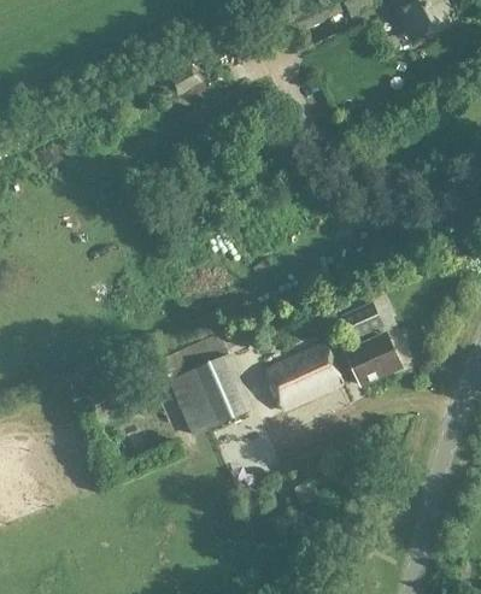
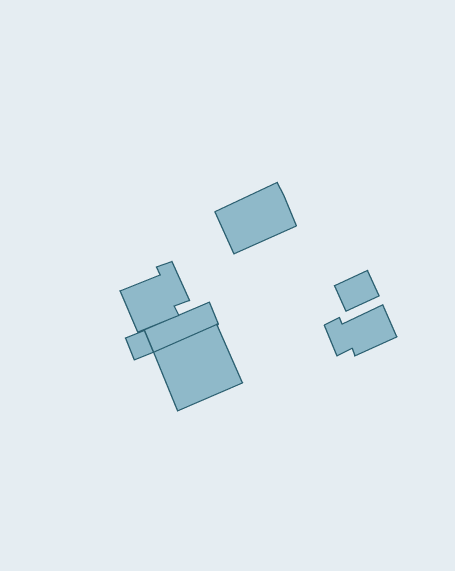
building: none -> [120,261,189,332]
building: [266,343,344,411] -> [215,182,296,254]

